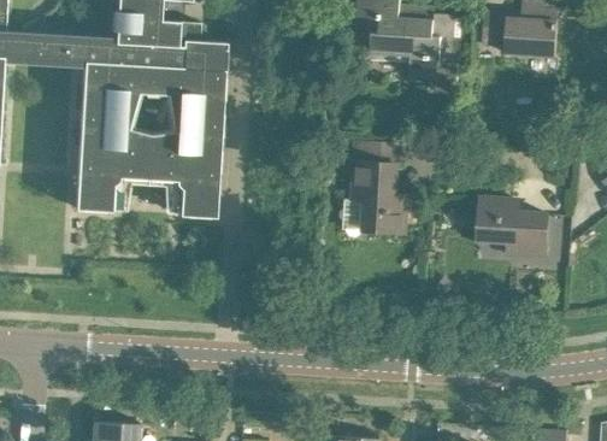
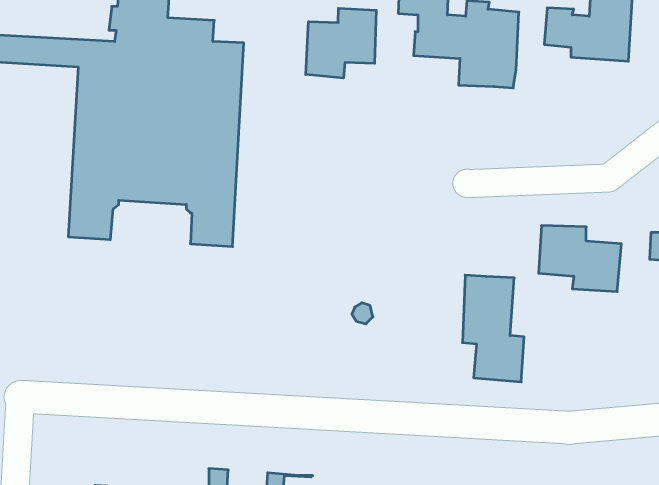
building: none -> [306,8,376,78]
building: [353,142,406,234] -> [462,275,524,382]

